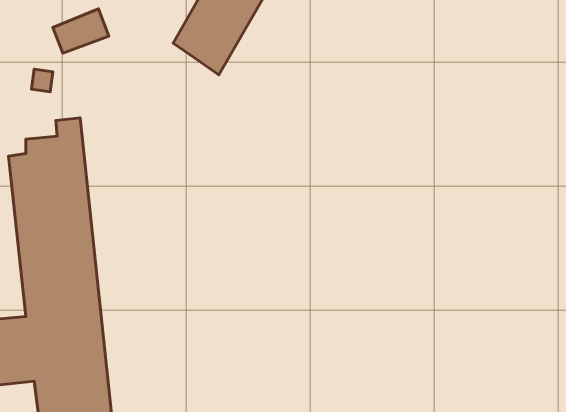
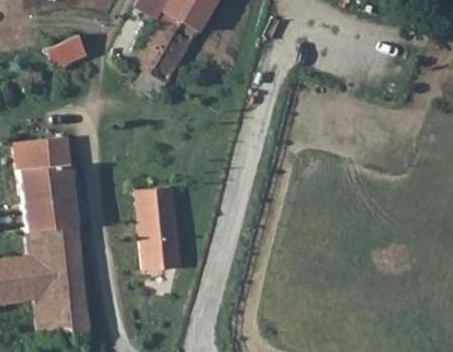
building: none -> [135,186,180,270]

